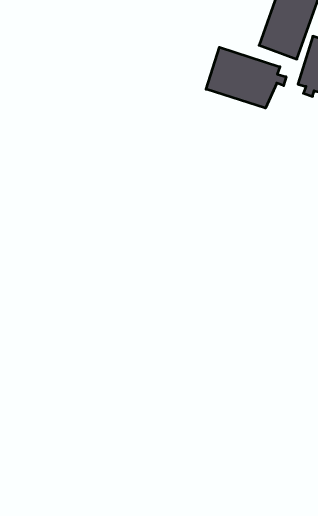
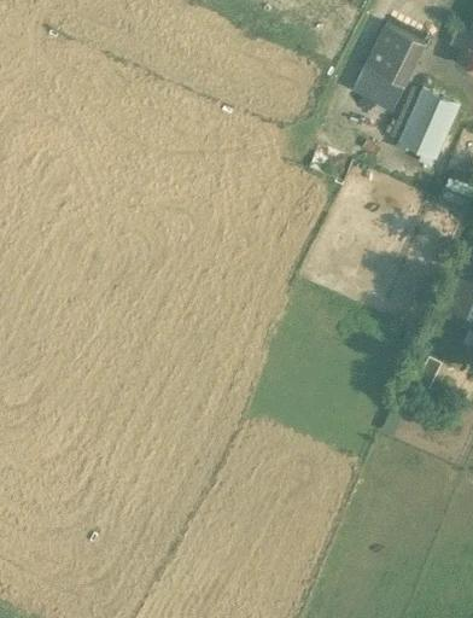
building: [206,47,286,108] -> none

